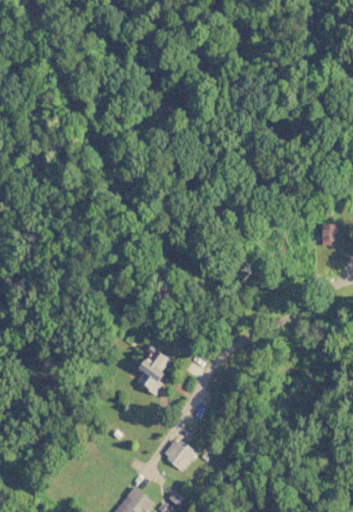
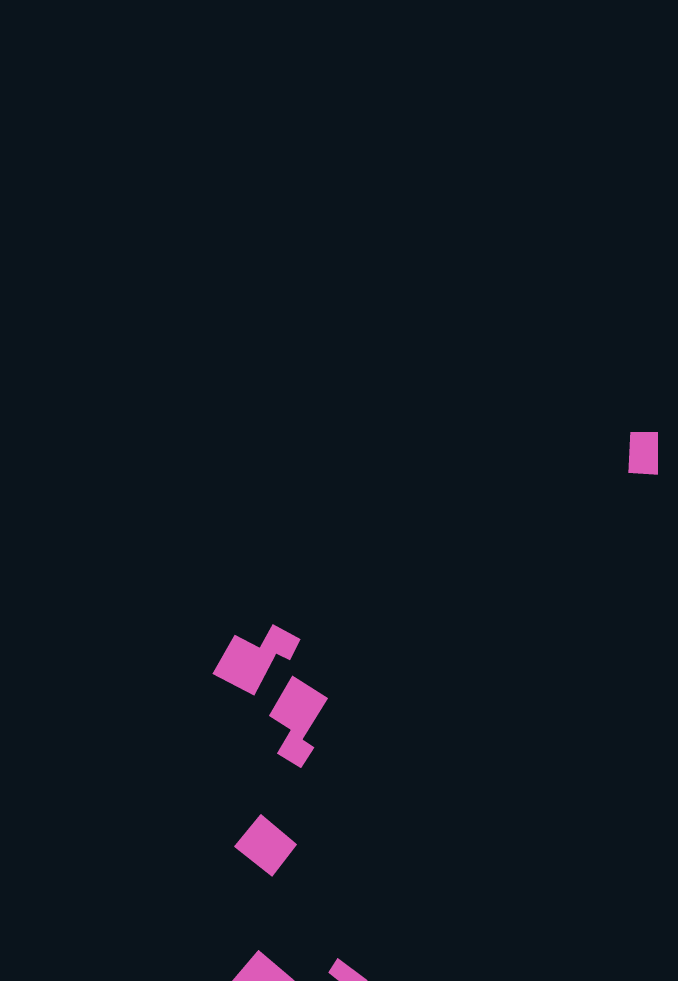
building: none -> [211,623,302,697]
building: [162,438,195,471] -> [233,813,298,878]

